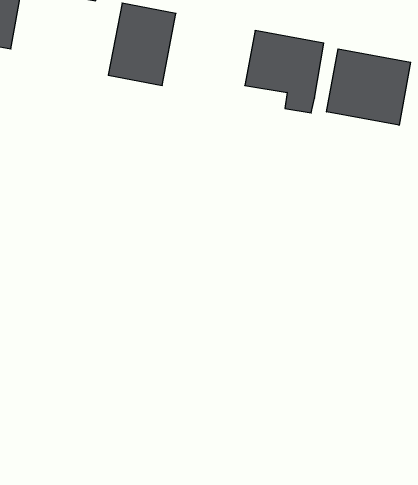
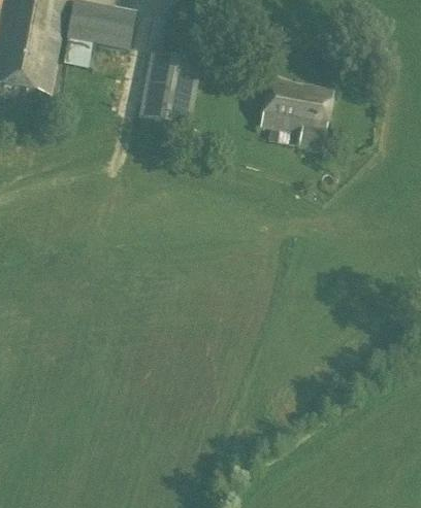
building: [327,49,411,125] -> none

